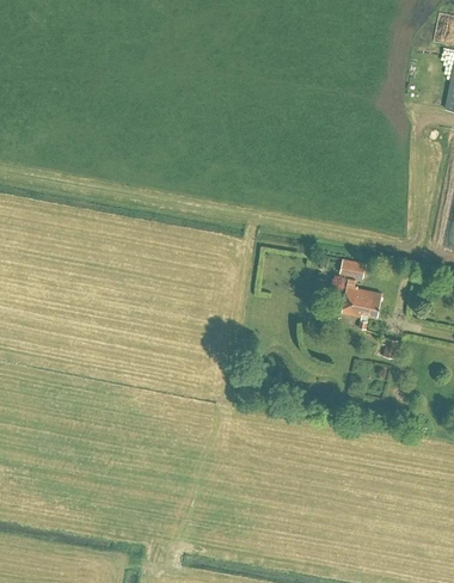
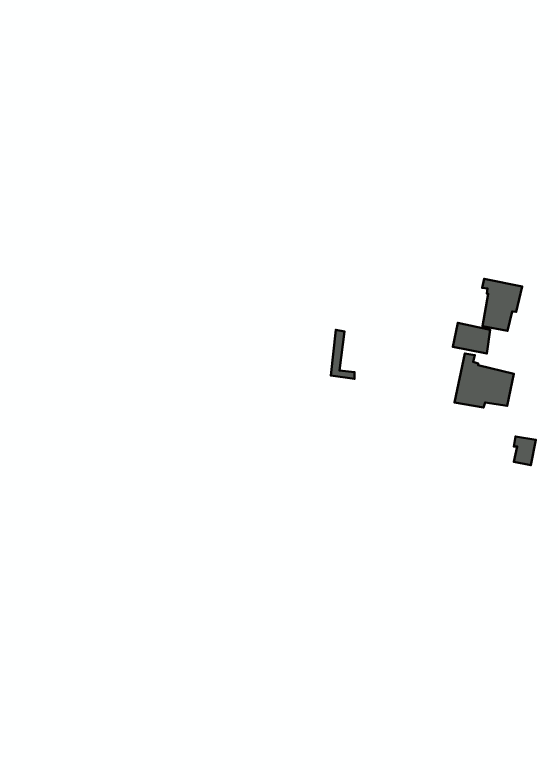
building: none -> [482,279,522,331]

